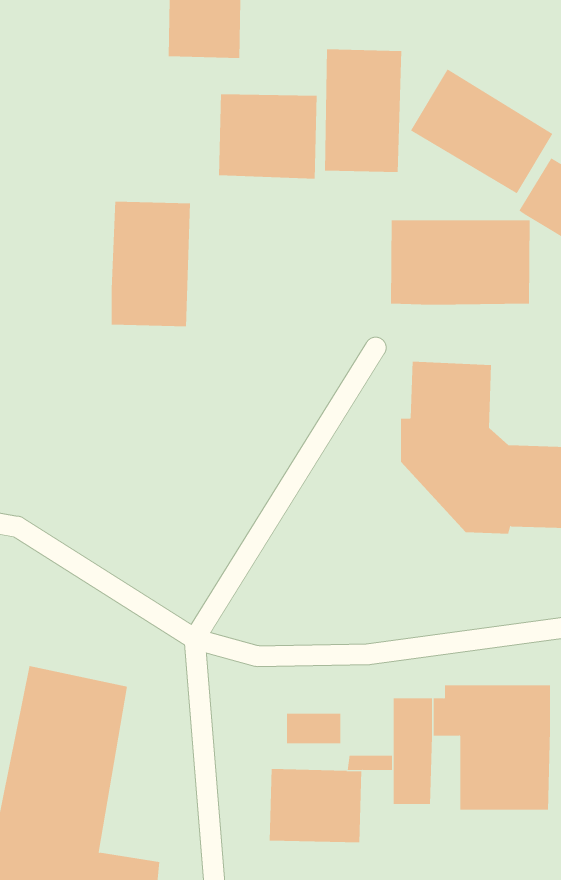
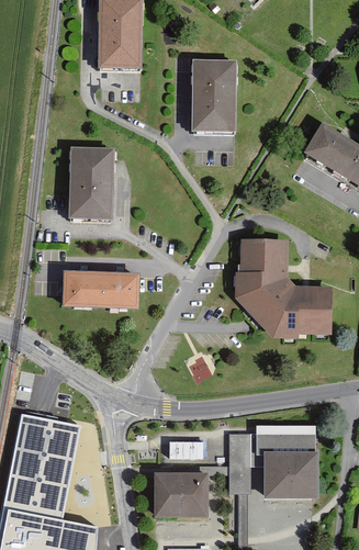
building: [410,69,553,194] -> none
building: [219,94,317,180] -> none
building: [391,219,530,306] -> none
building: none -> [61,269,138,307]

